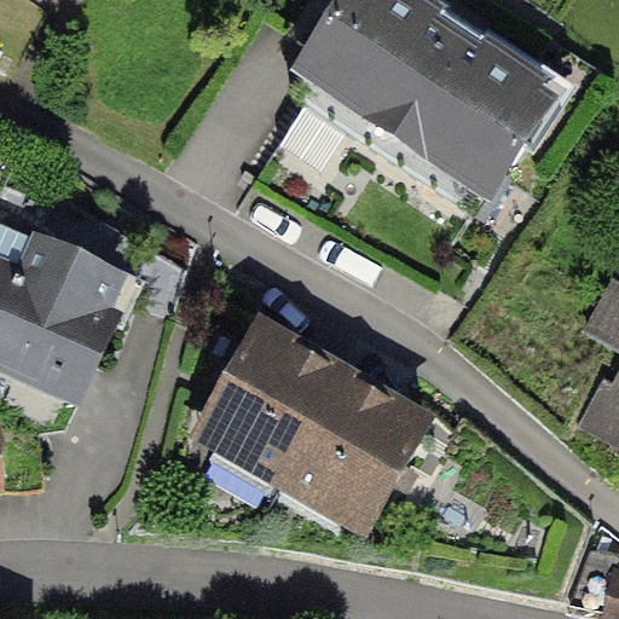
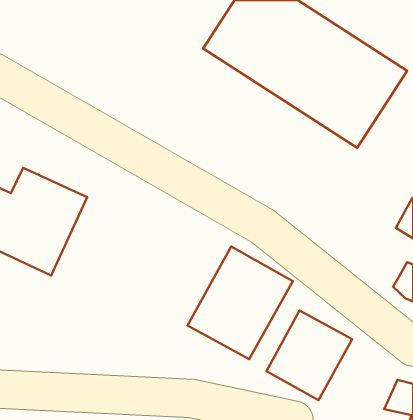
building: [185,313,340,479] -> none
building: none -> [266,311,352,400]

